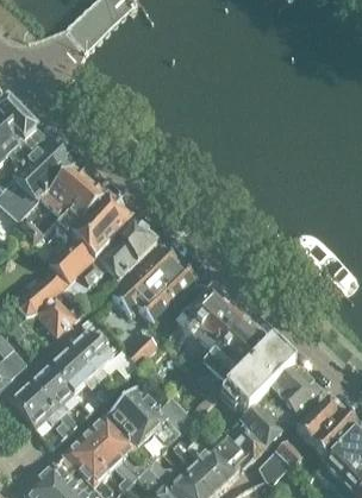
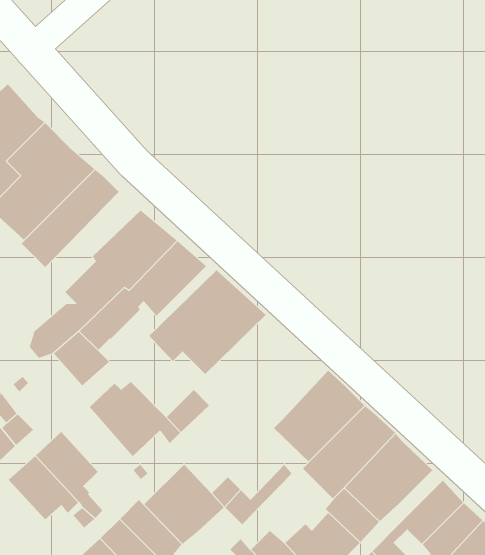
building: [42,187,105,248] -> none
building: [175,290,243,353] -> none
building: [46,345,99,392] -> none

